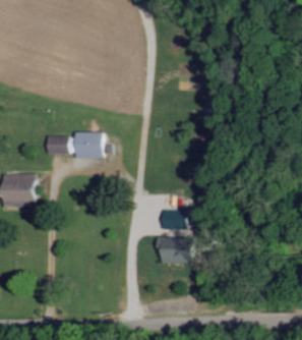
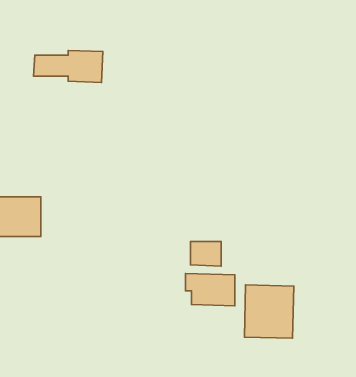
building: [45,131,102,158] -> [34,50,103,82]
building: none -> [244,285,294,338]

